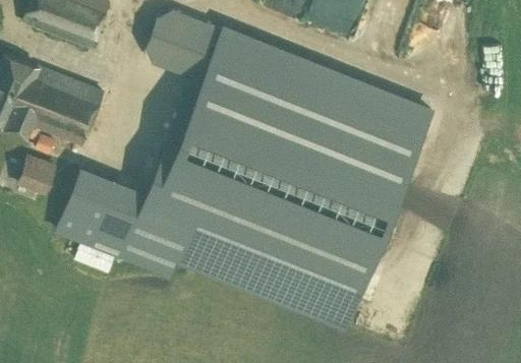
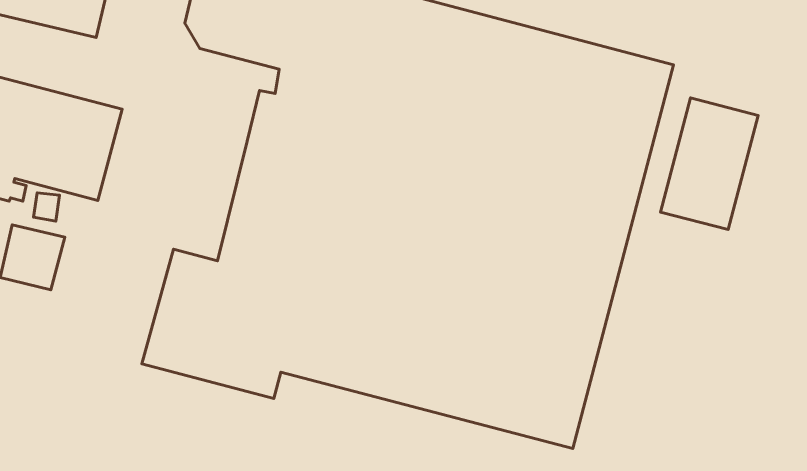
building: none -> [661,98,758,230]
building: [56,166,123,248] -> none

